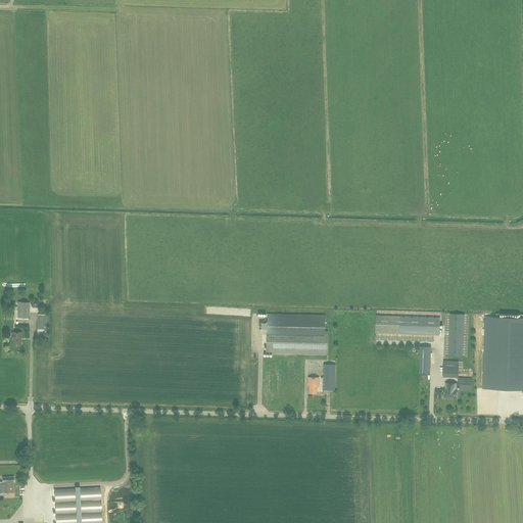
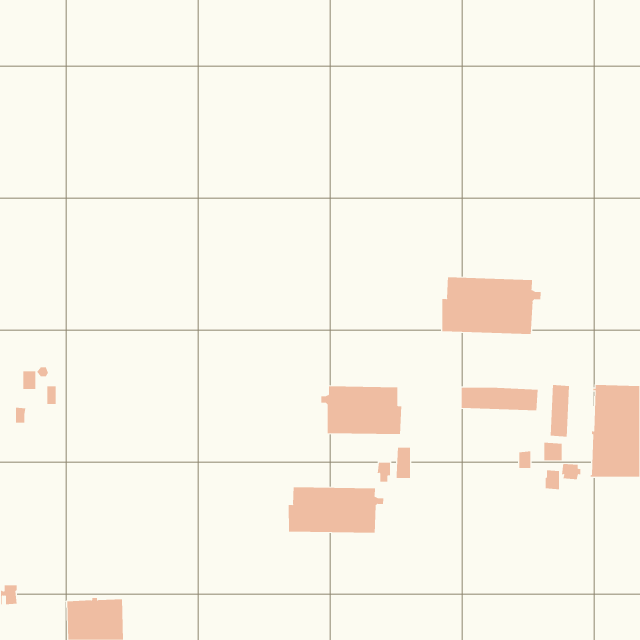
building: none -> [442,277,541,335]
building: none -> [288,486,384,534]

